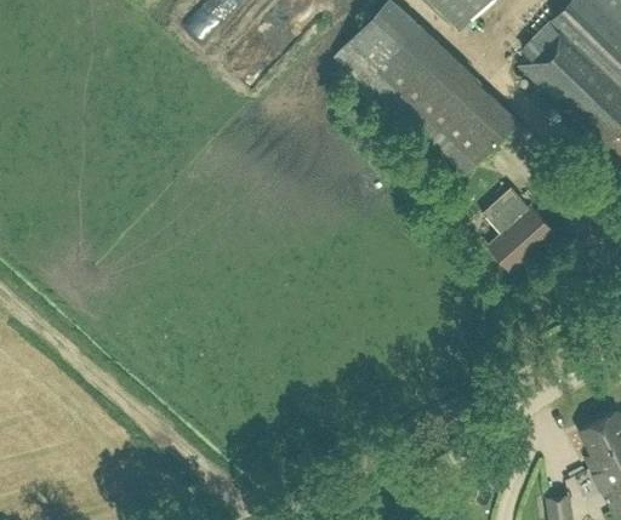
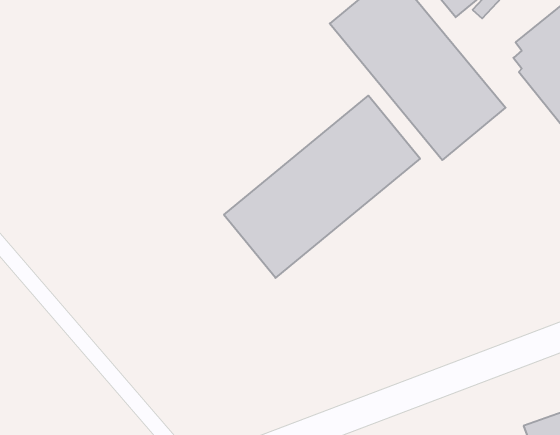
building: none -> [224,96,420,278]
building: [484,187,556,269] -> none

